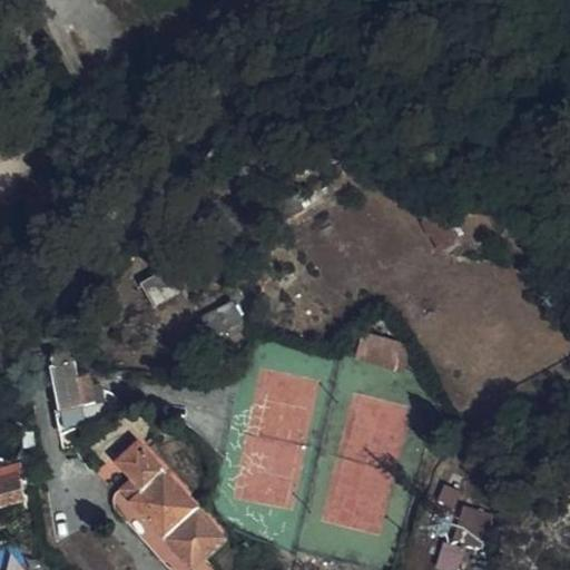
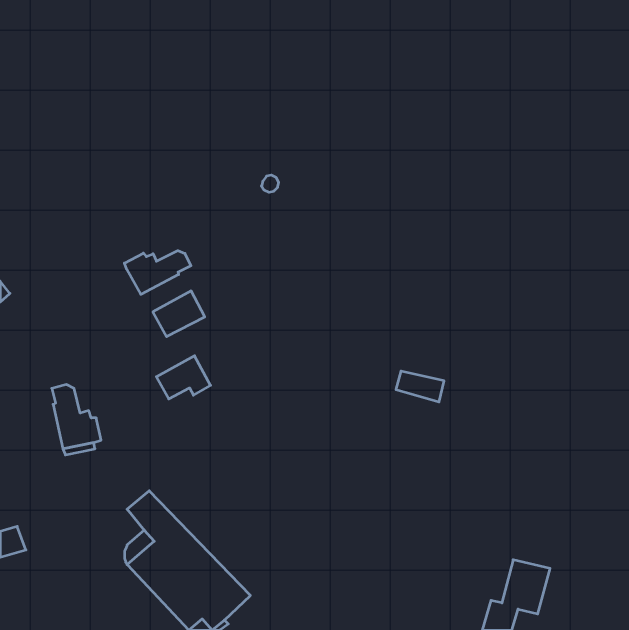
building: none -> [124,251,191,294]
building: [198,303,247,342] -> [156,356,211,399]

